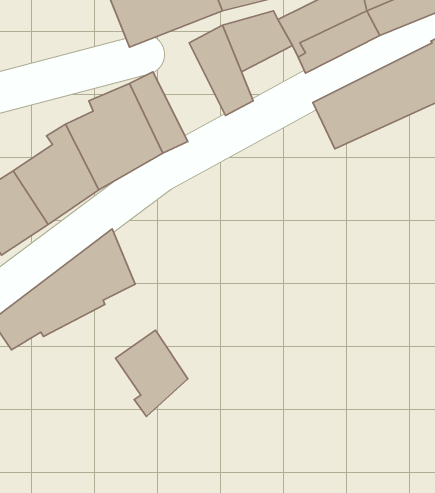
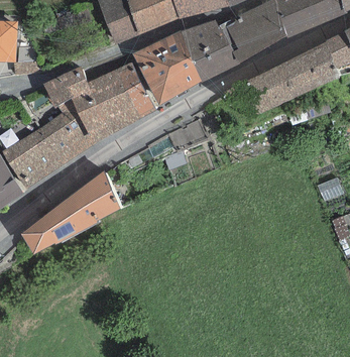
building: none -> [132,41,182,105]
building: none -> [193,43,237,82]
building: none -> [42,66,90,108]
building: [116,330,188,416] -> none

